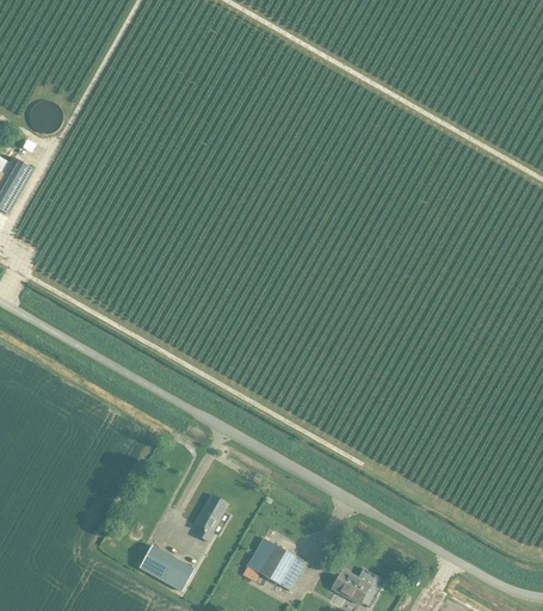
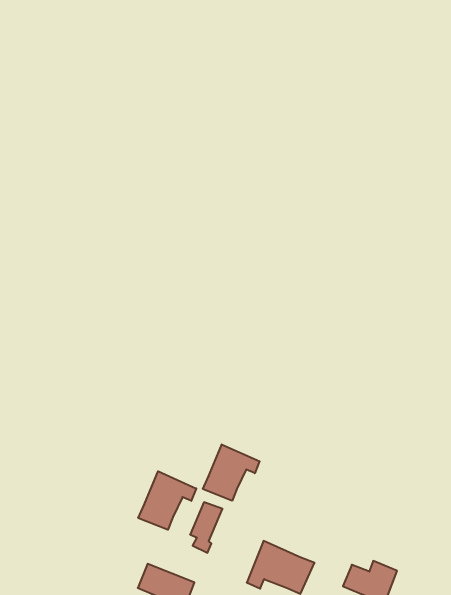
building: none -> [203,444,260,501]
building: none -> [138,471,196,530]

